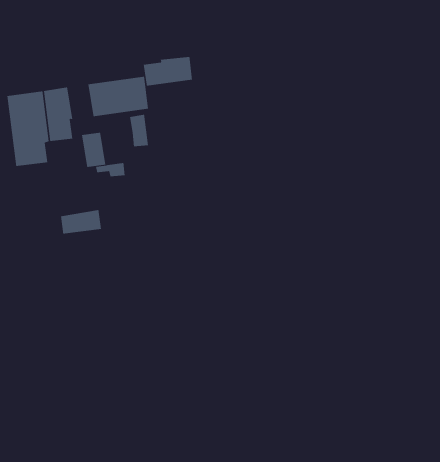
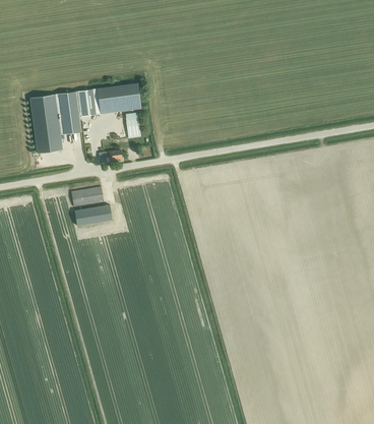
building: [143,56,192,87] -> none
building: [81,132,106,168] -> [77,88,97,116]
building: none -> [74,204,112,225]

